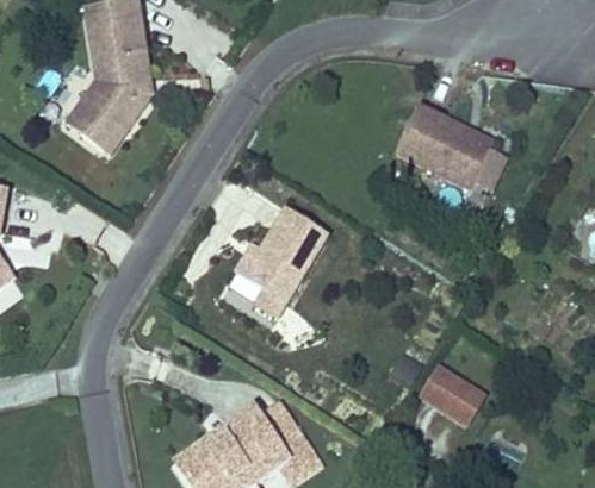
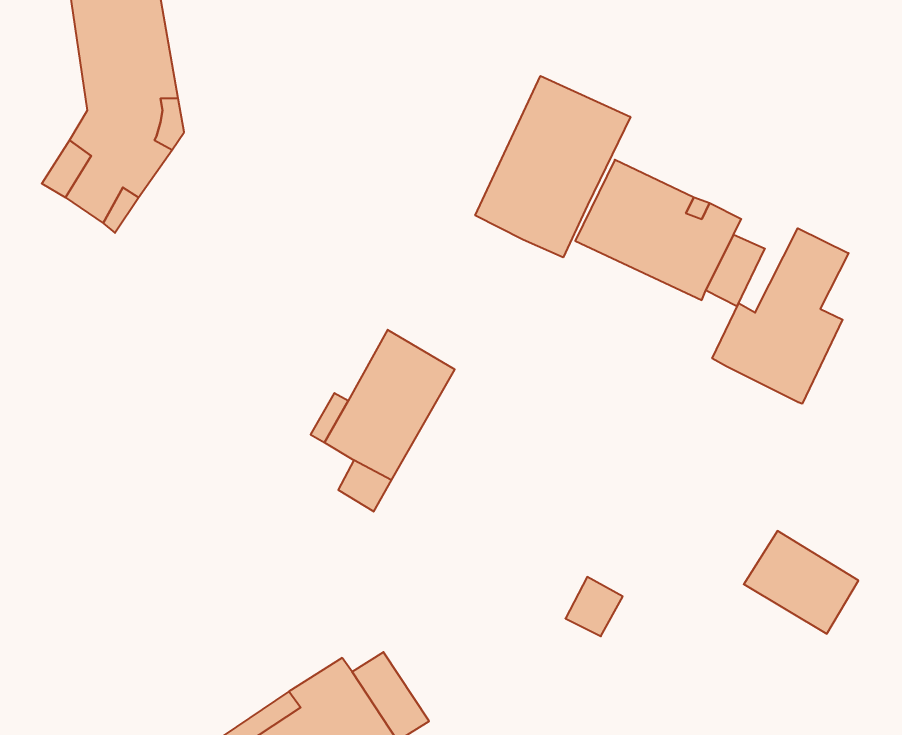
building: none -> [475,76,630,257]
building: none -> [712,228,849,404]
building: [415,367,484,428] -> [744,531,858,634]

